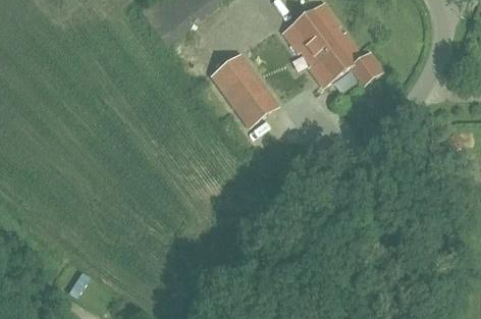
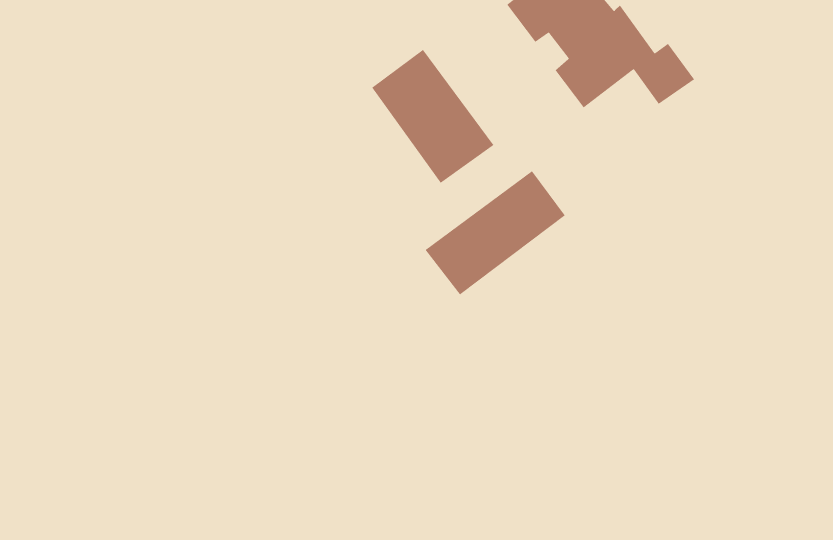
building: none -> [425,170,566,296]

